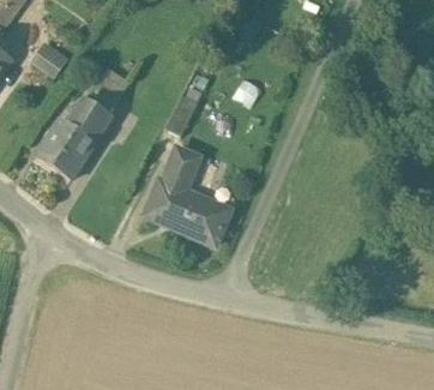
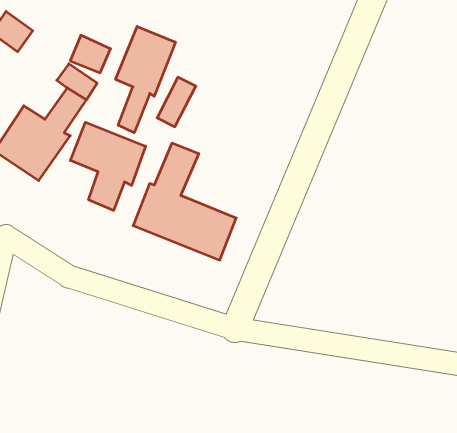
building: none -> [116,26,175,133]
building: none -> [70,122,146,210]

